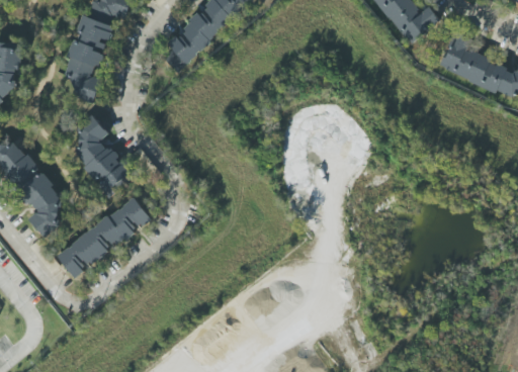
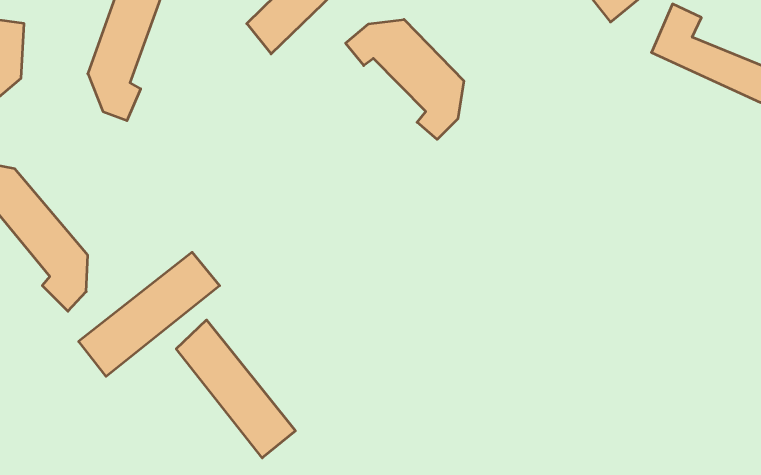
building: none -> [346,19,464,139]
building: [77,116,134,198] -> none
building: none -> [176,320,295,458]

